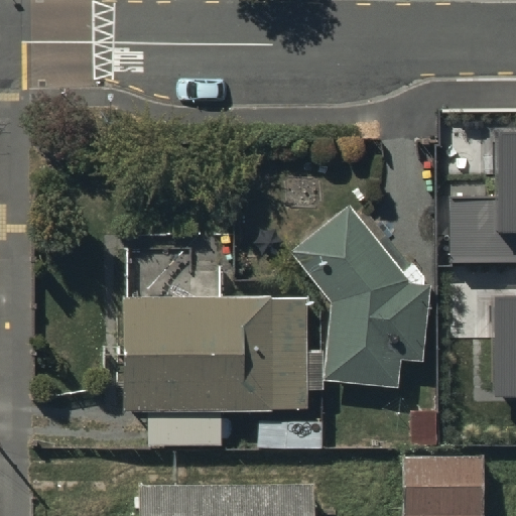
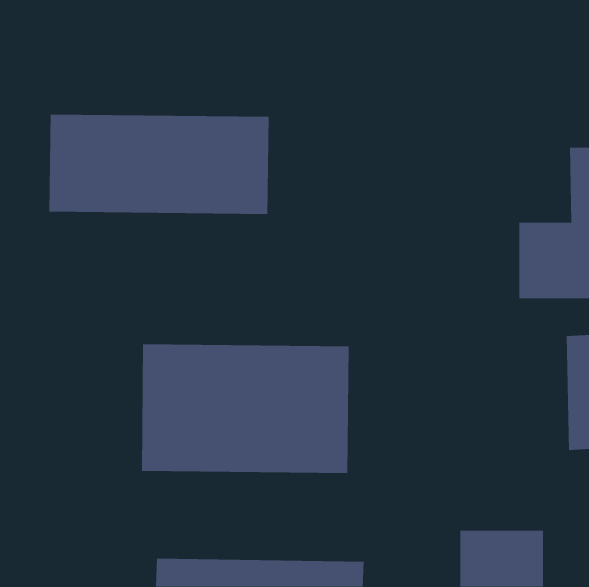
building: none -> [49,114,269,215]
building: [298,216,423,388] -> none

